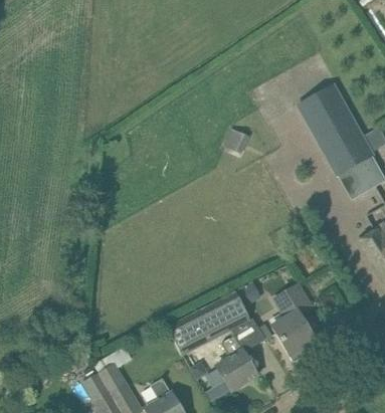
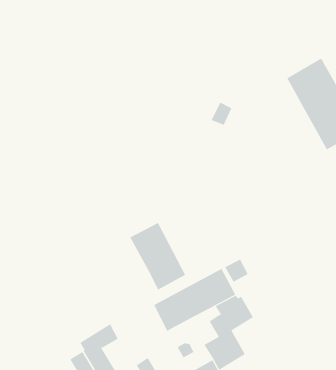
building: none -> [130,222,186,291]
building: [272,285,316,362] -> none

